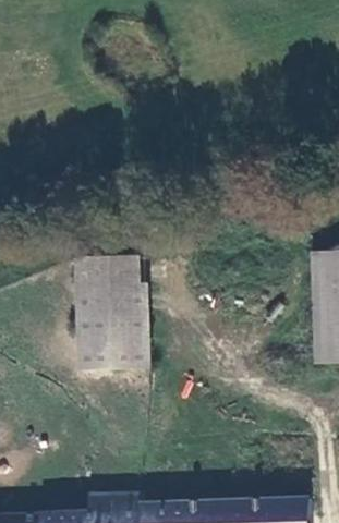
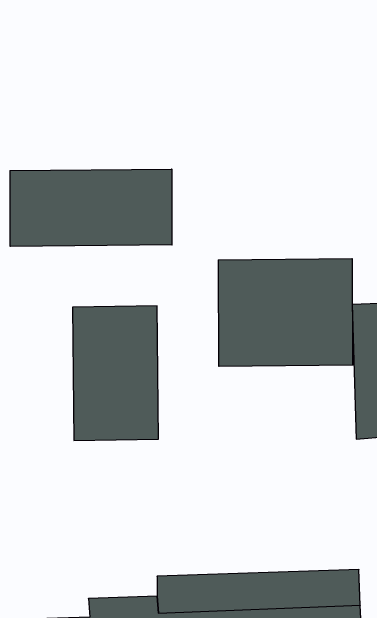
building: none -> [10,169,172,246]
building: none -> [218,259,353,366]

